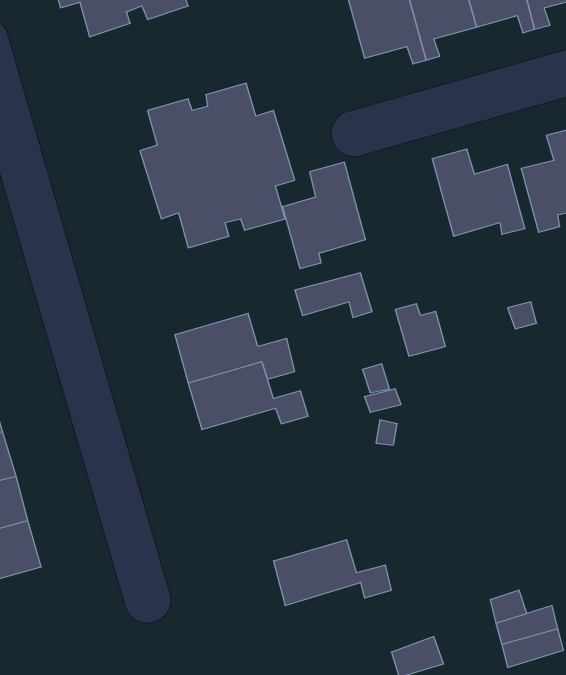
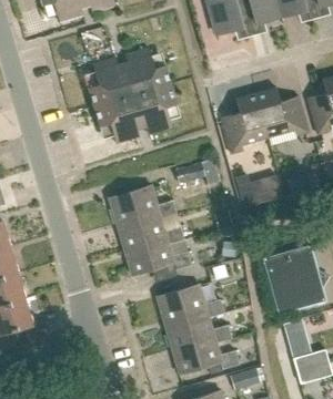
building: [282,162,366,269] -> [220,92,268,153]
building: none -> [123,235,192,275]
building: none -> [261,245,324,314]
building: none -> [157,284,224,323]
building: none -> [171,335,240,374]

